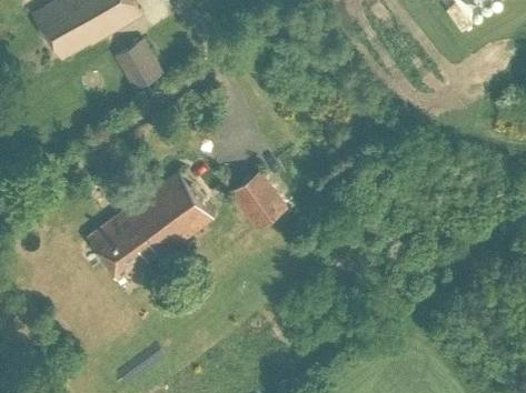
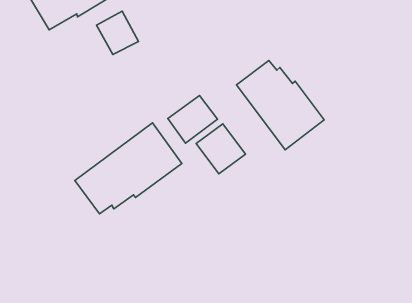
building: none -> [236,61,324,150]
building: none -> [168,95,218,143]

